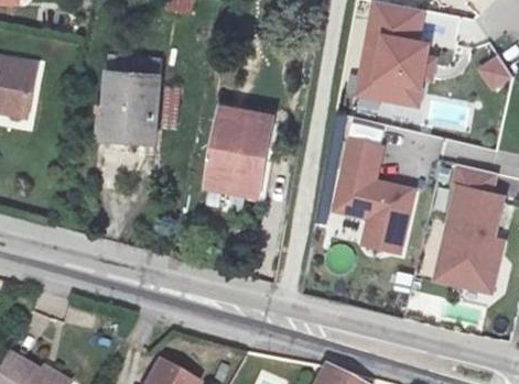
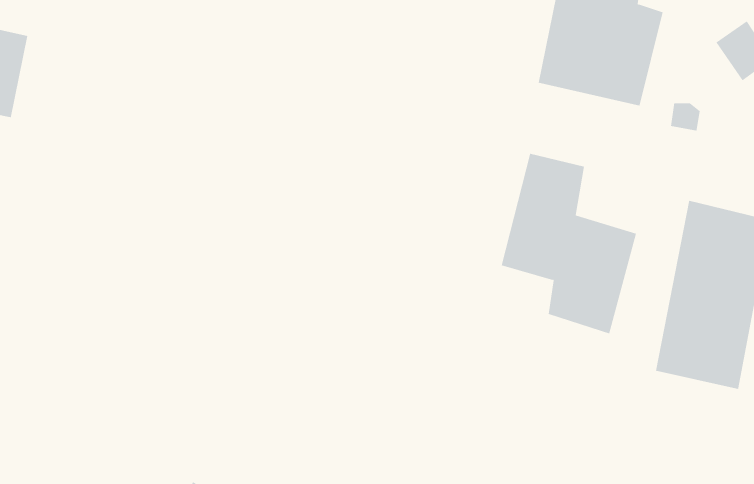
building: [98,83,151,147] -> none
building: [192,116,261,204] -> none

